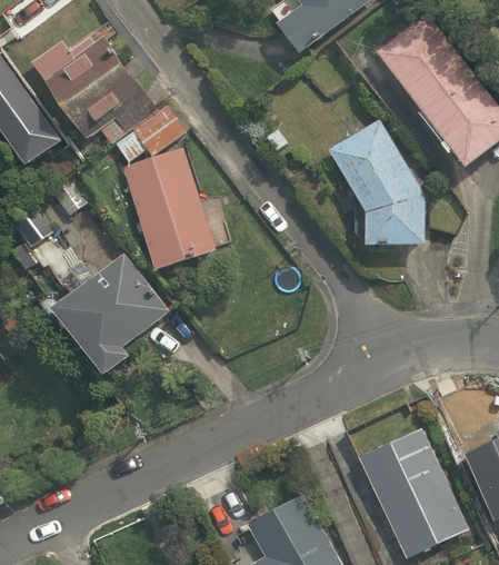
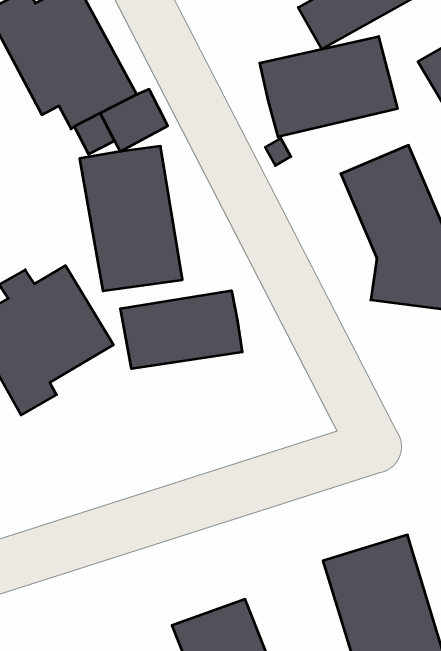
building: none -> [260,36,397,137]
building: none -> [120,291,242,369]

